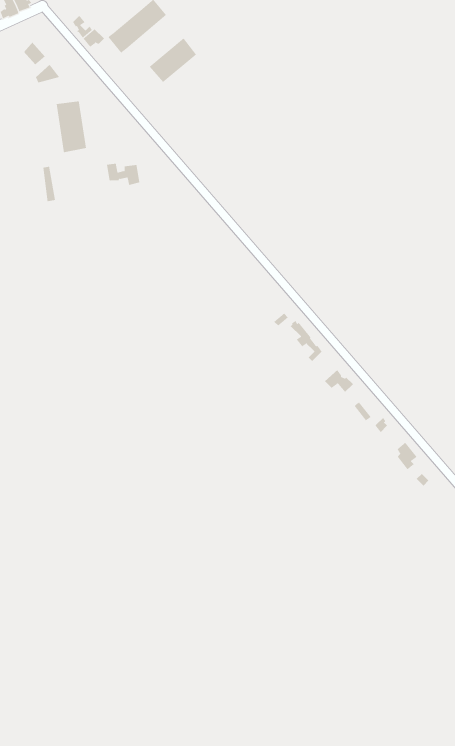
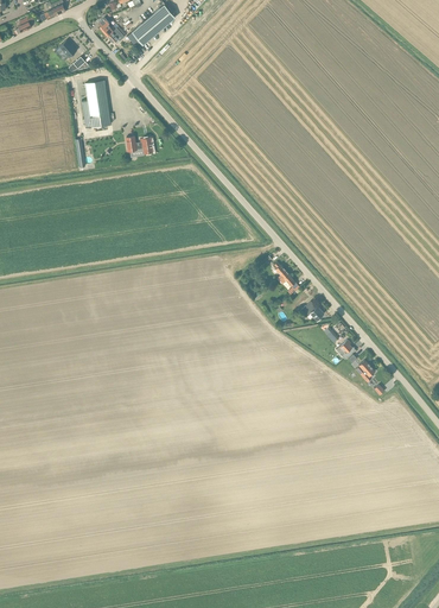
building: [149,38,197,83] -> none

